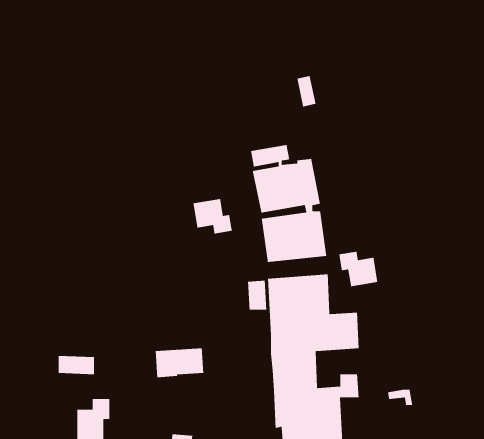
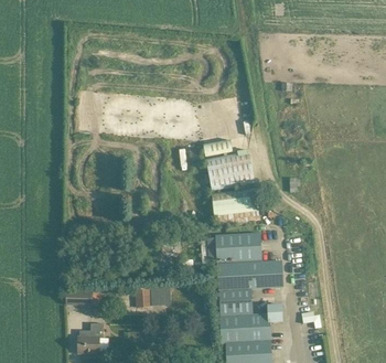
building: [192,198,233,234] -> none
building: [338,251,378,287] -> none

